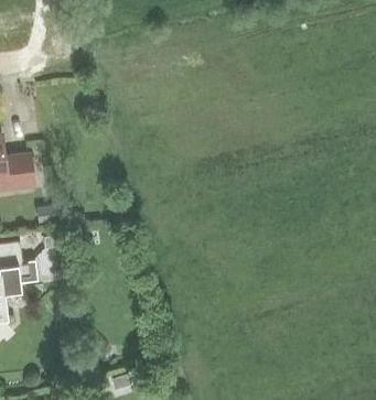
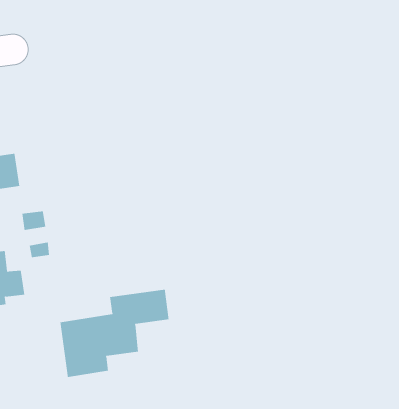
building: none -> [60,289,169,378]

